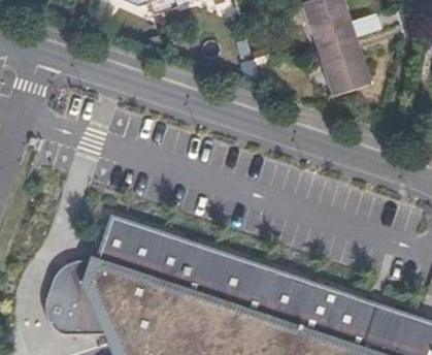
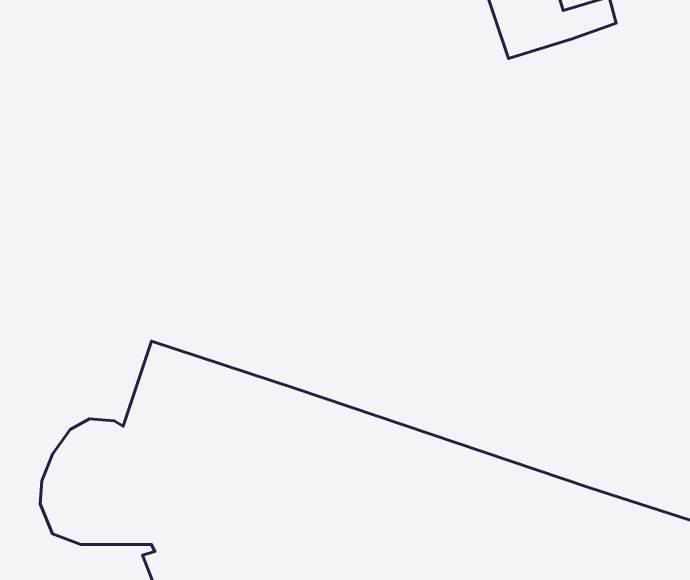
building: [319,38,370,96] -> none

